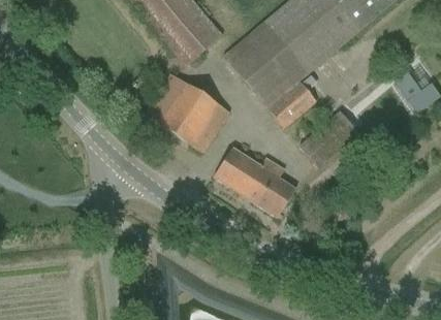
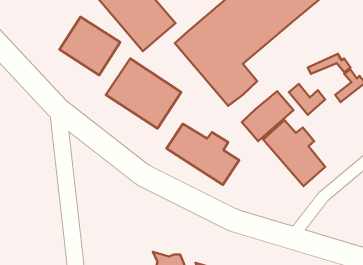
building: none -> [59,17,120,75]
building: none -> [263,120,325,186]

